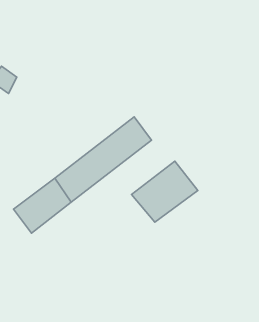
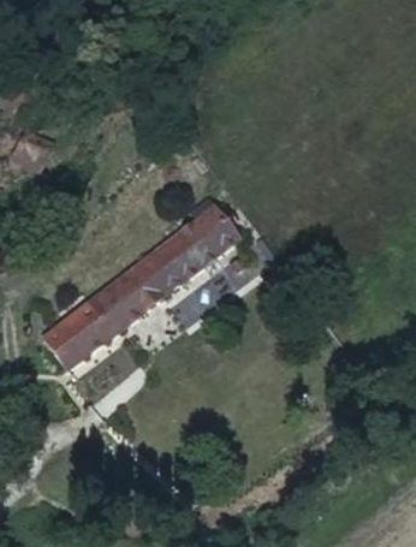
building: [131,161,198,222] -> none

